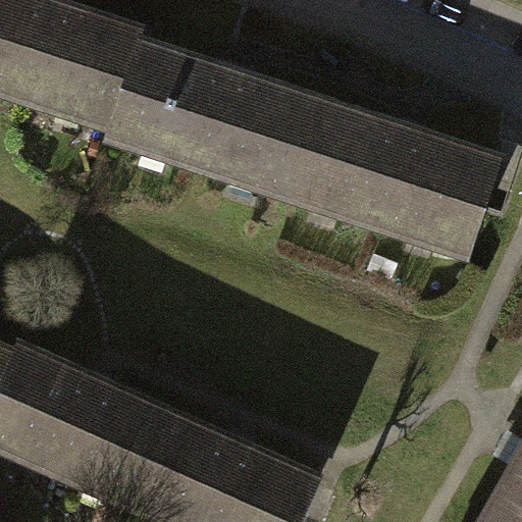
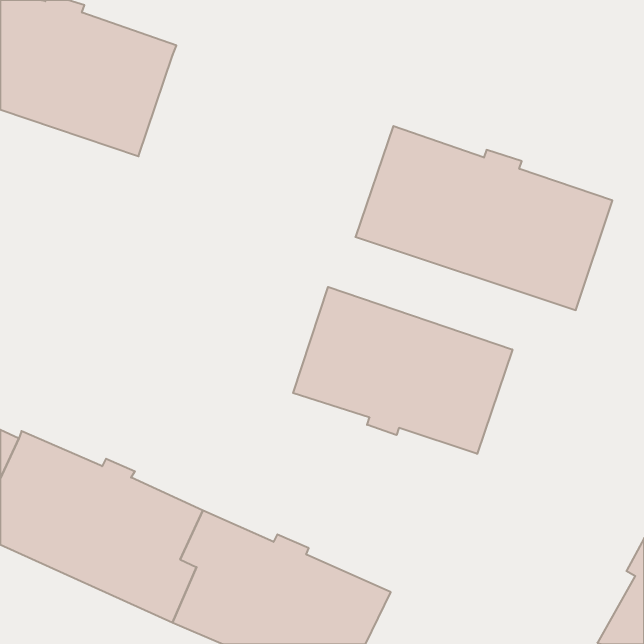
building: [110,45,318,192] -> none
building: none -> [293,287,512,454]

